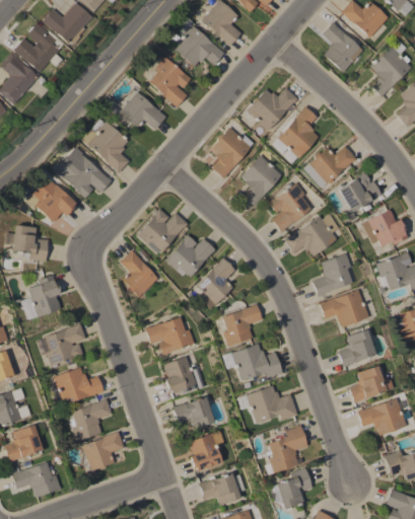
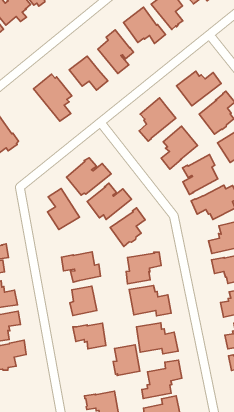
building: [53,147,112,198] -> none
building: [189,433,222,471] -> [113,345,140,375]

